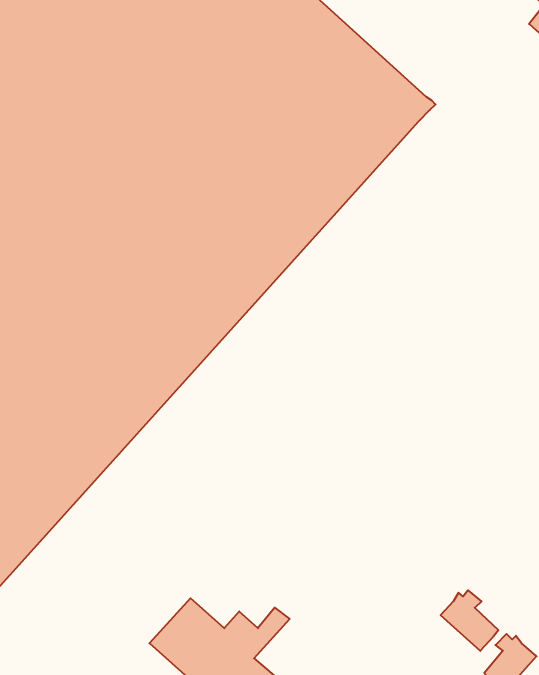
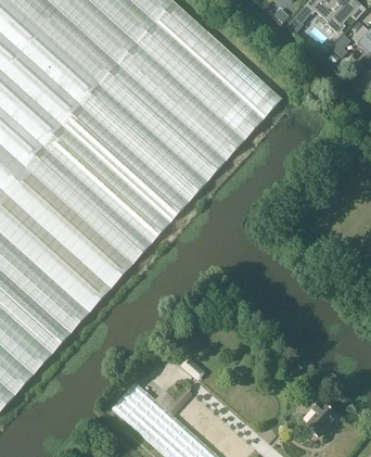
building: [441,590,498,651] -> none

